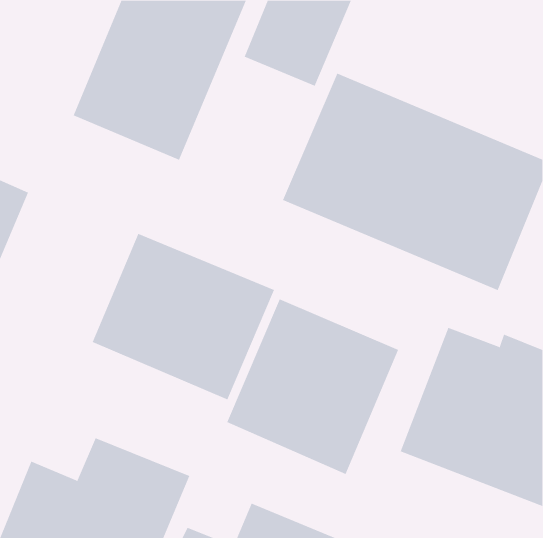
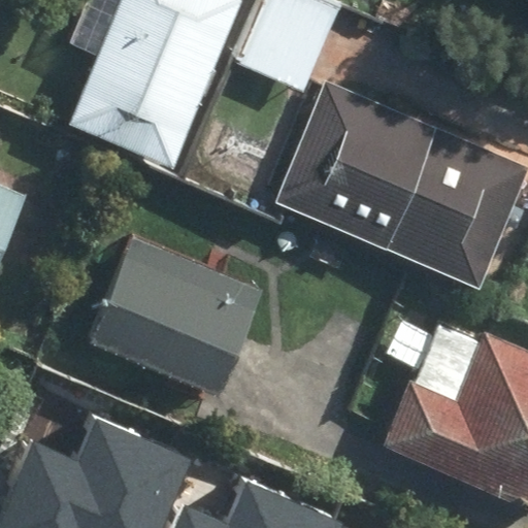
building: [227,299,399,475] -> none

